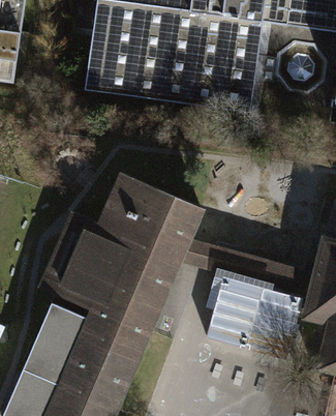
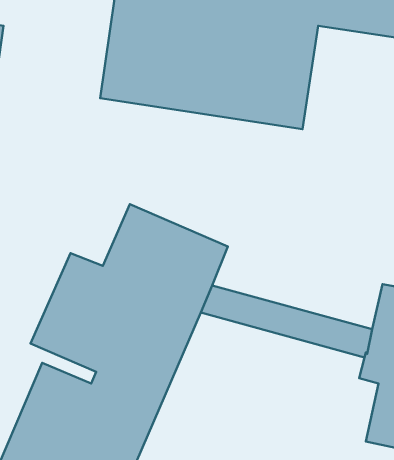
building: [206,275,303,358] -> none

